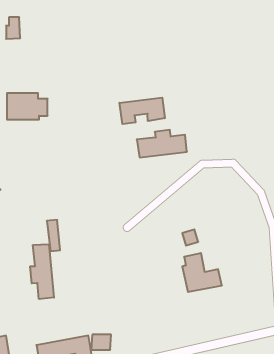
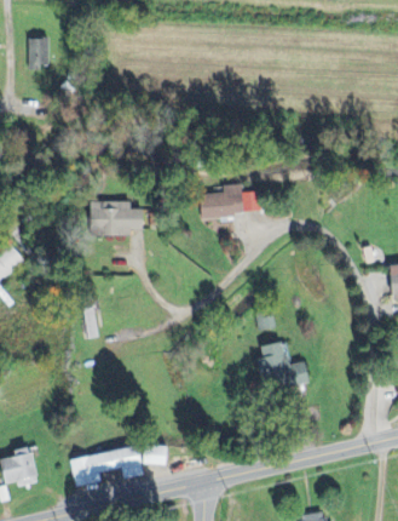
building: [7,93,48,120] -> [88,201,140,235]
building: [120,98,165,124] -> none
building: [30,244,54,299] -> none

